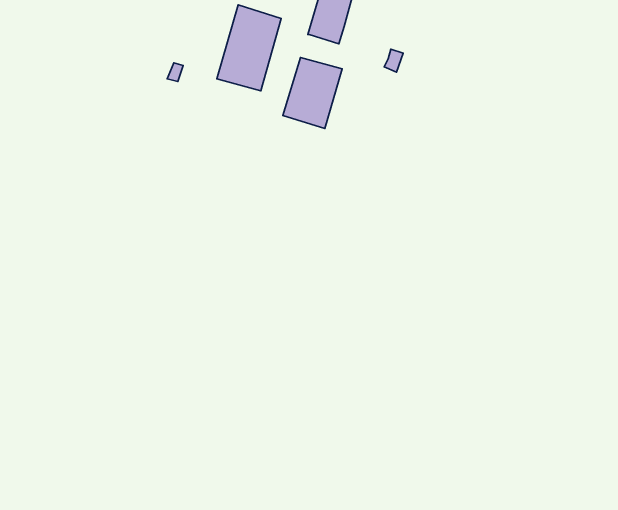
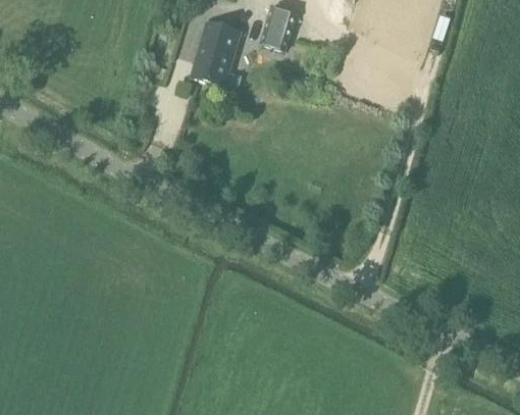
building: [283,58,342,128] -> none

